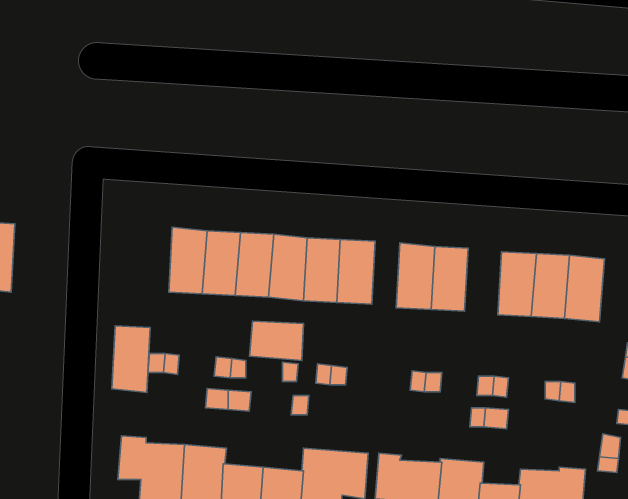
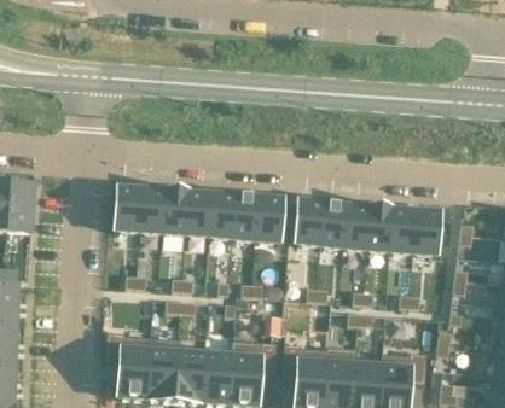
building: none -> [344,203,370,249]
building: [250,321,303,360] -> none
building: [112,326,150,392] -> [116,187,143,233]

